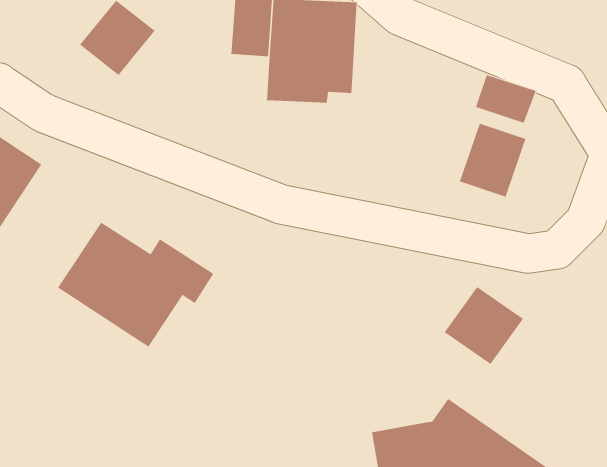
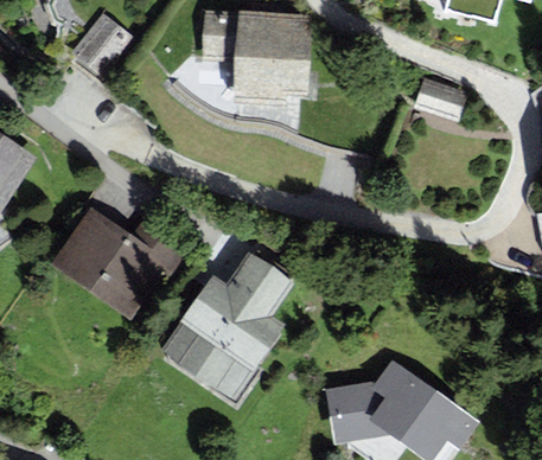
building: [459,123,526,197] -> none
building: none -> [159,251,294,401]
building: [444,286,524,365] -> none

